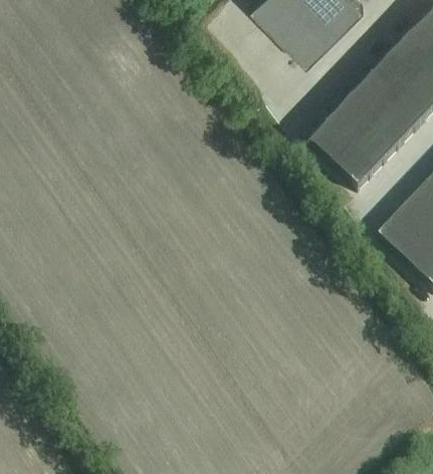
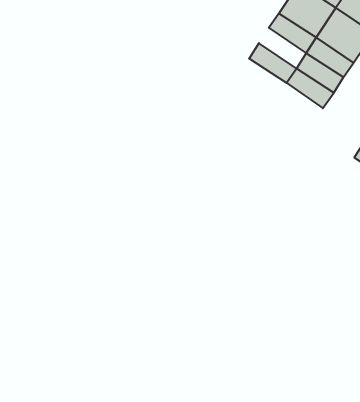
building: [314,109,355,150] -> none

